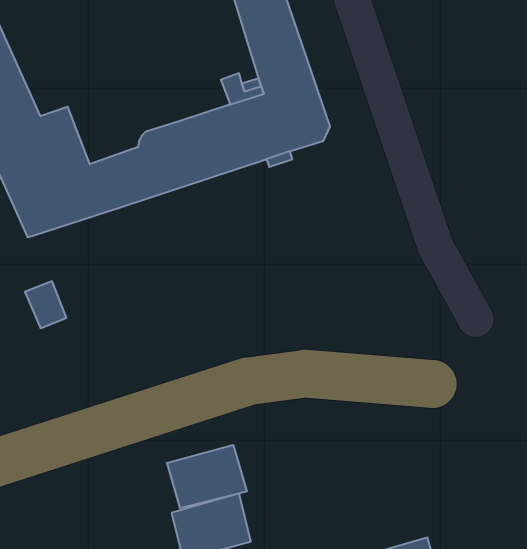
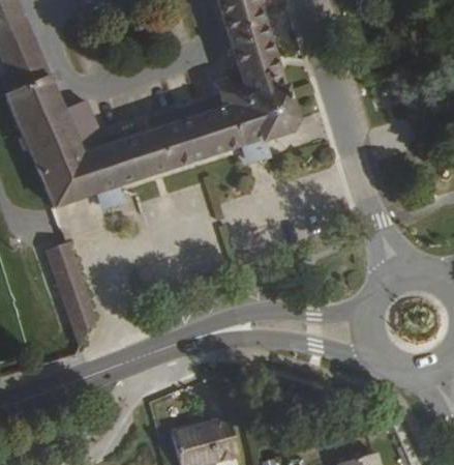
building: none -> [64,272,104,345]
building: [167,445,247,508] -> none

